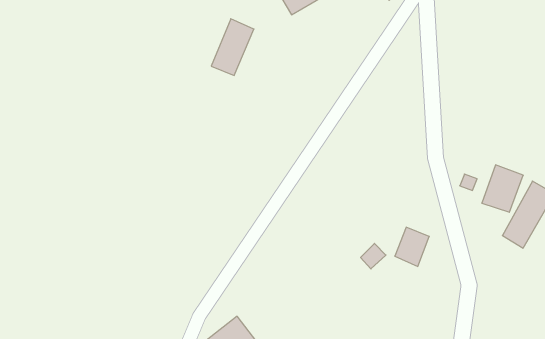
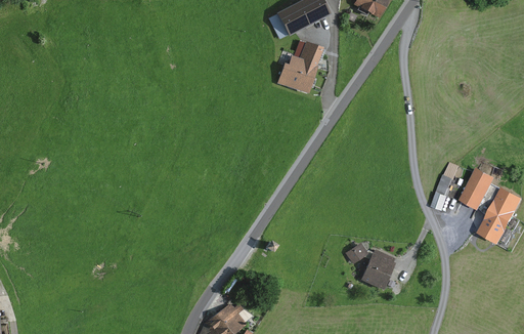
building: [211,19,254,75] -> [287,40,324,90]
building: [395,227,429,266] -> [360,253,391,288]

